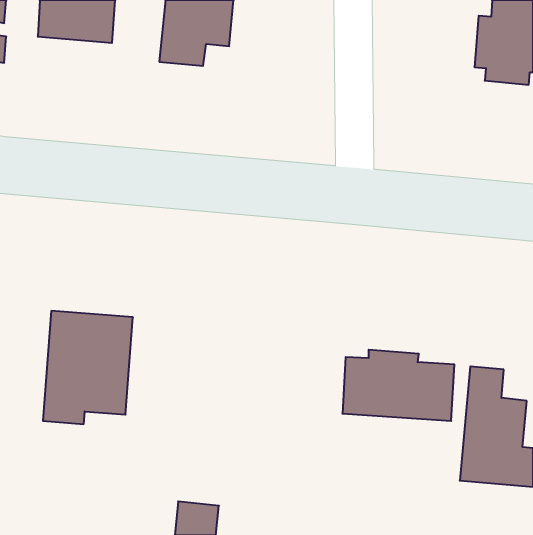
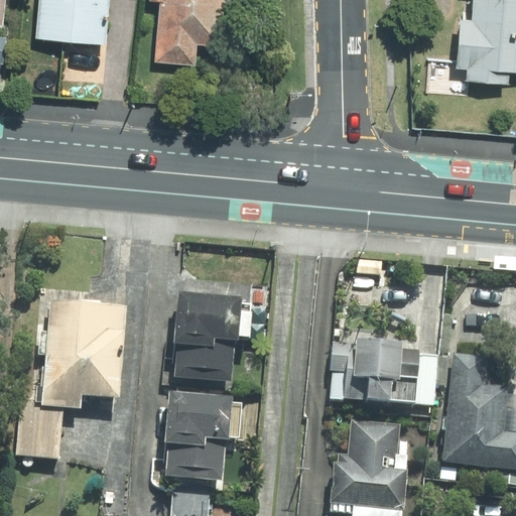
building: none -> [171,290,242,382]
building: none -> [161,390,232,481]
building: none -> [16,407,62,459]
building: none -> [331,419,409,509]

